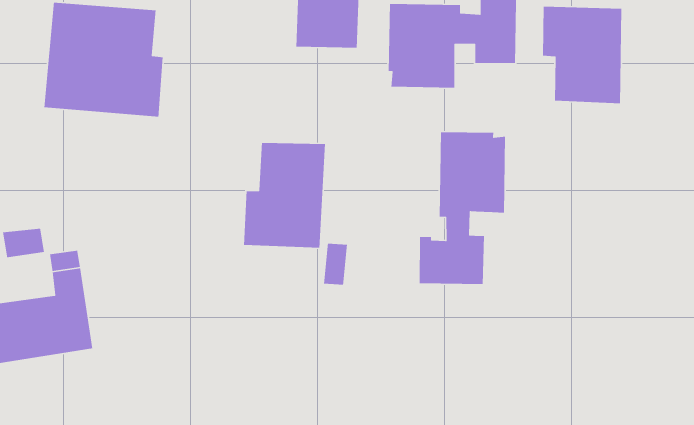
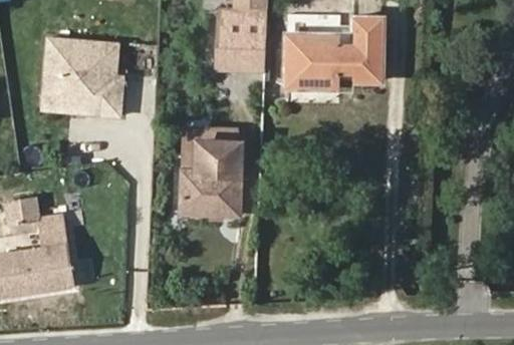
building: [542,6,622,104] -> none
building: none -> [184,126,243,171]
building: [419,132,506,285] -> none

